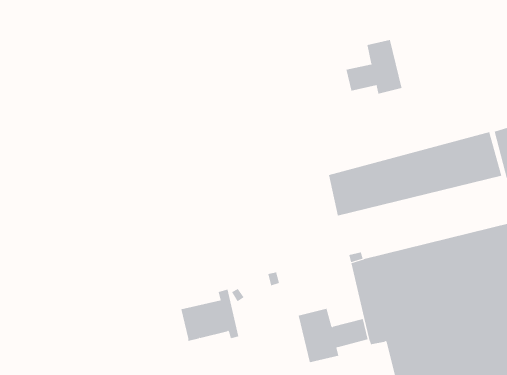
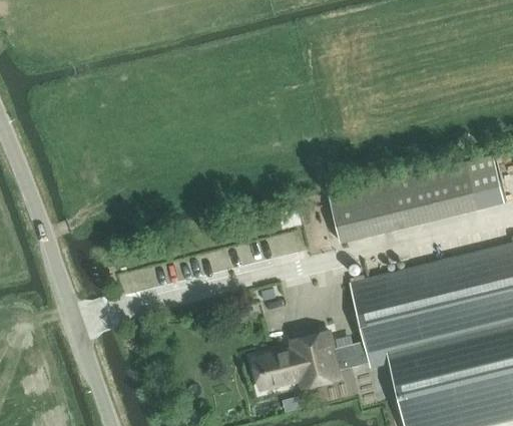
building: [346,39,402,94] -> none
building: [181,289,239,341] -> [253,340,312,392]

